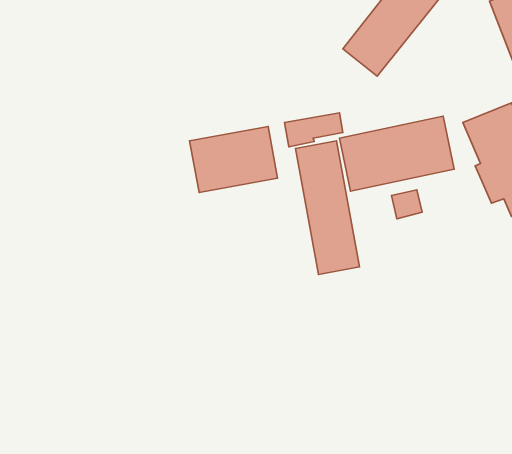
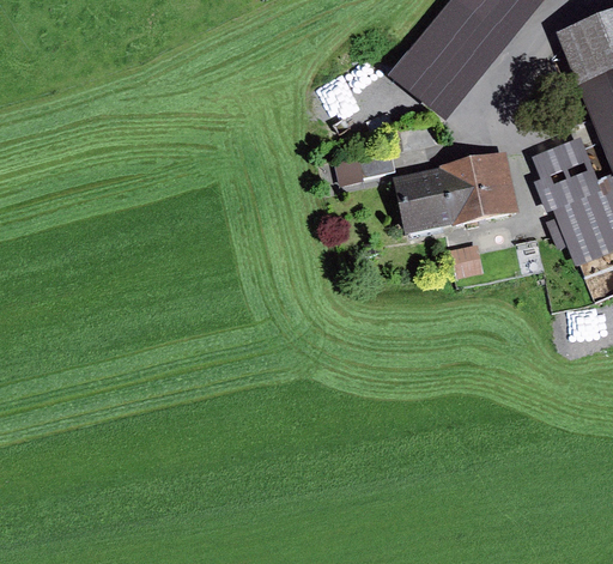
building: [189,127,278,192] -> none
building: [296,141,359,274] -> none

